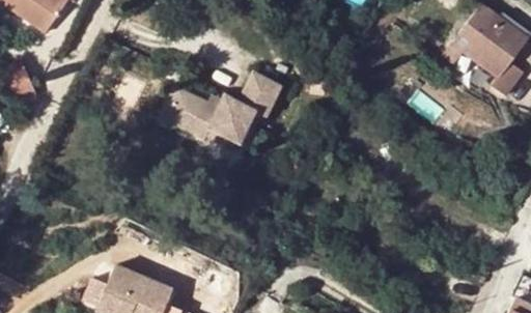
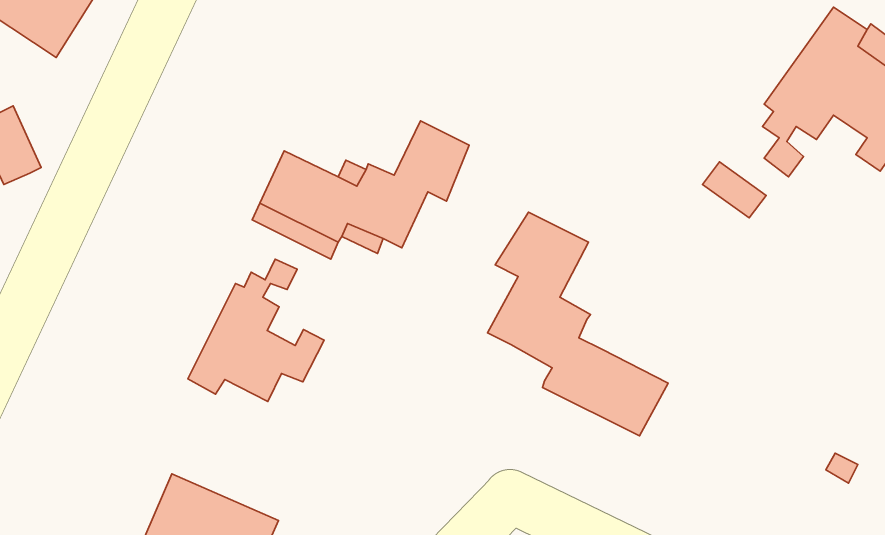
building: none -> [488,212,668,436]
building: none -> [188,259,324,401]

